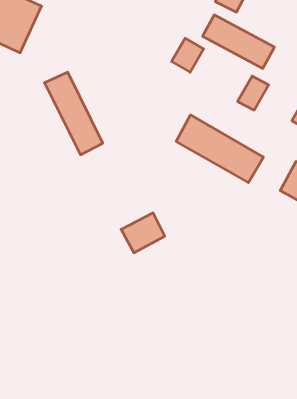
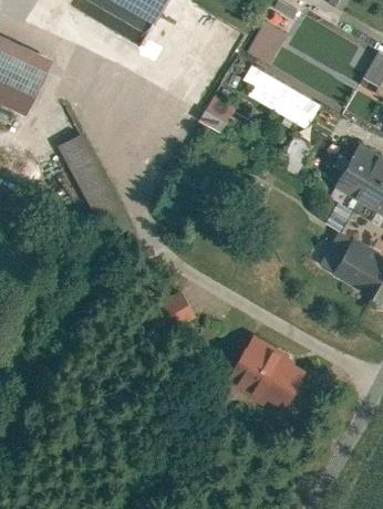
building: [176,115,263,183] -> none
building: none -> [225,335,307,414]

